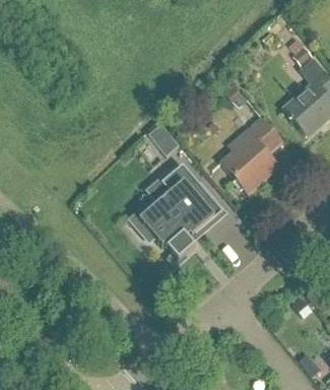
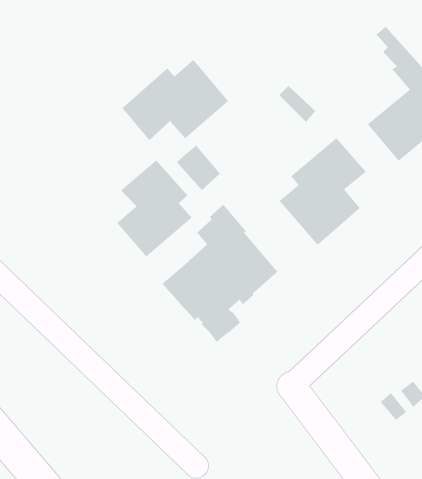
building: none -> [121,59,229,141]
building: none -> [116,159,192,258]

